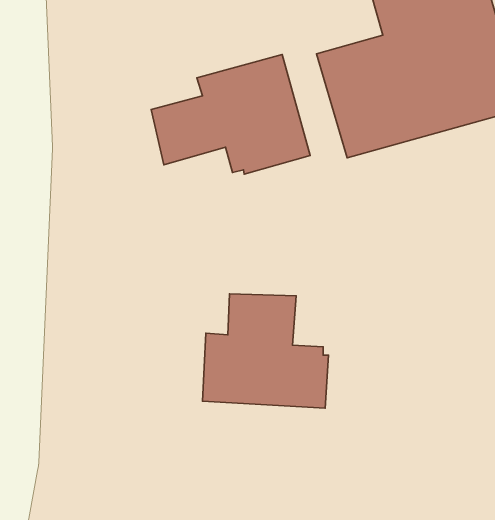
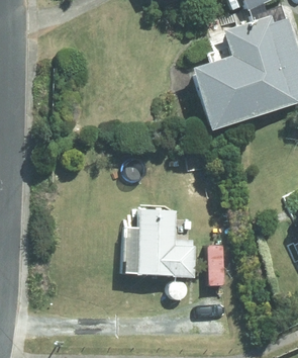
building: [151,54,310,174] -> none

